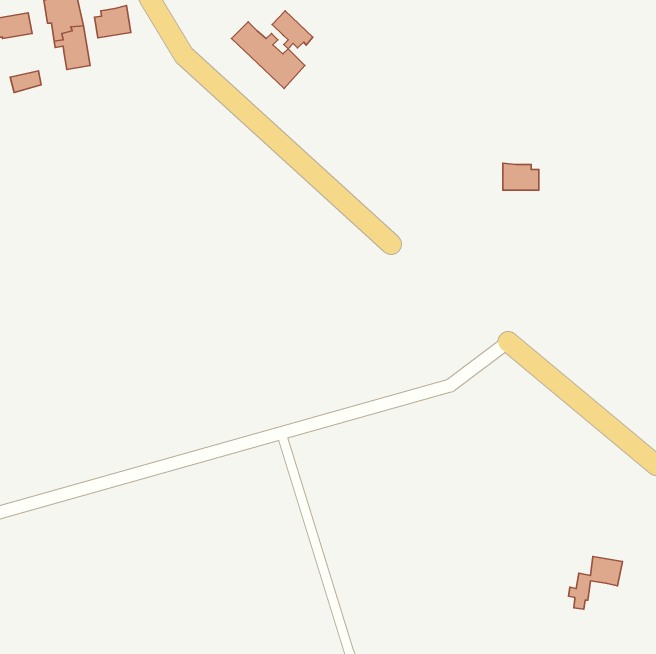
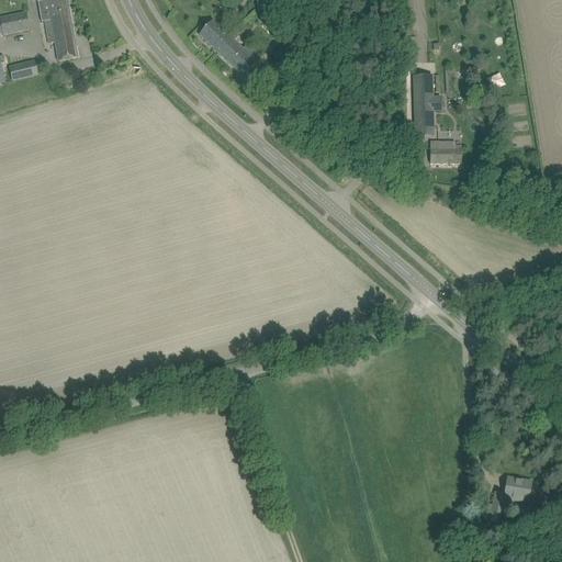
building: [95,5,131,38] -> none
building: [272,11,313,49] -> none
building: none -> [413,74,431,125]

